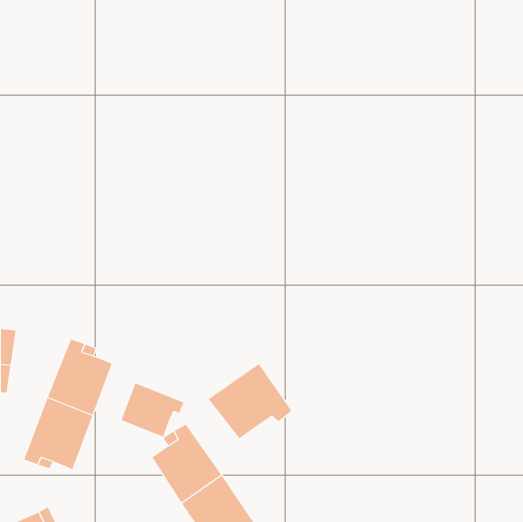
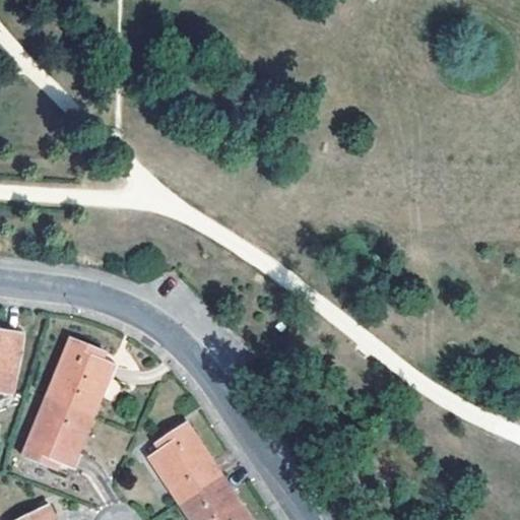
building: [208,363,292,439] -> none
building: [121,382,184,438] -> none

